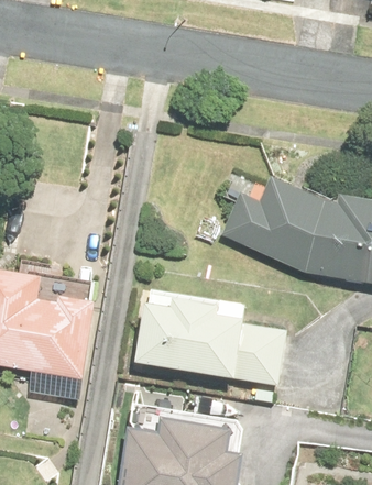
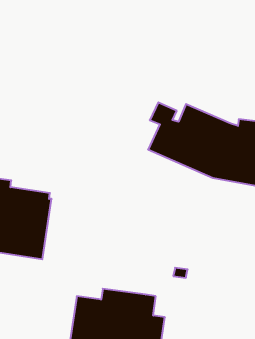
building: [136,297,285,383] -> none

